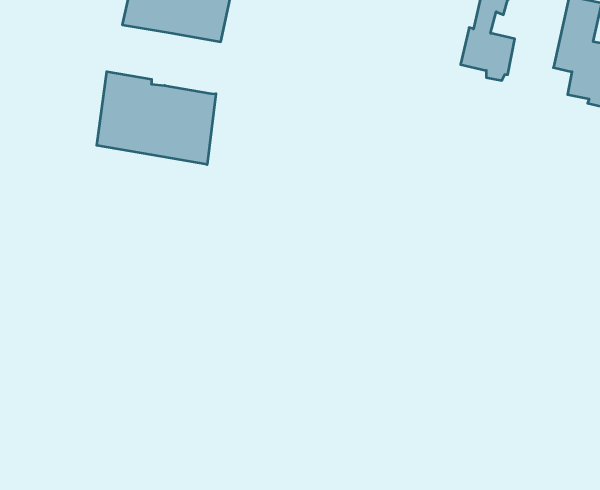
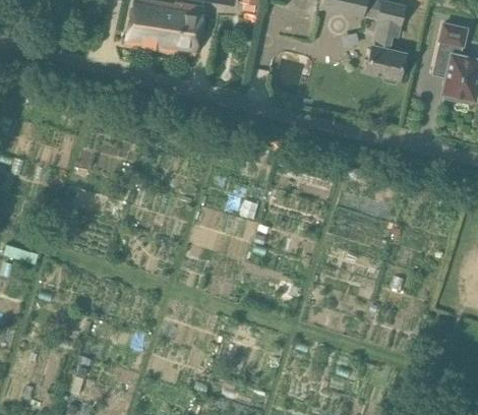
building: [97,72,216,165] -> none

